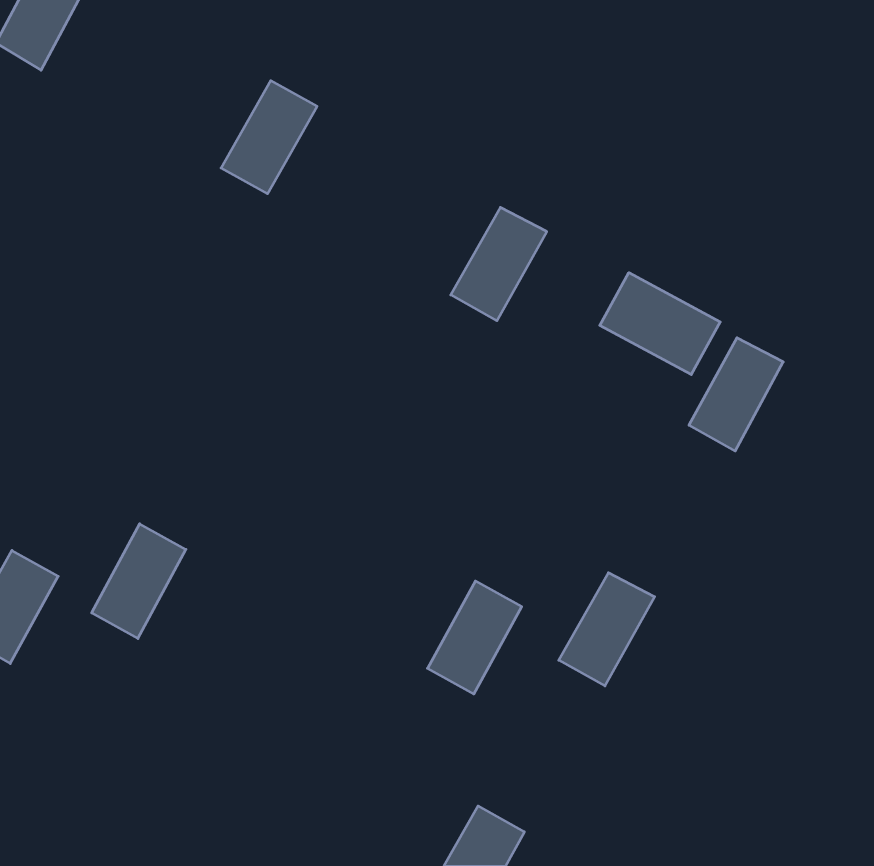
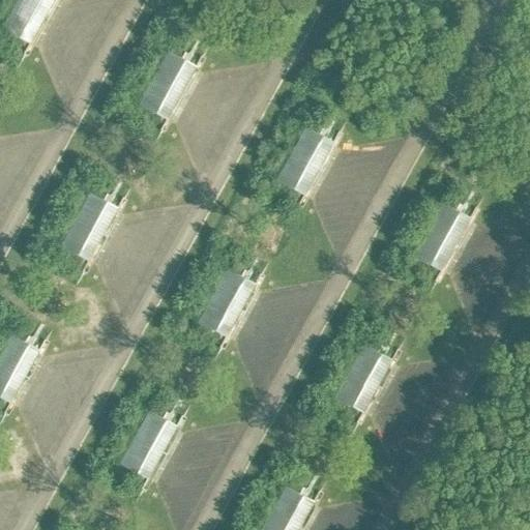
building: [600,273,720,375] -> none
building: none -> [56,190,113,259]
building: [92,524,186,639] -> [117,408,174,477]
building: [427,581,522,694] -> [195,267,252,335]

